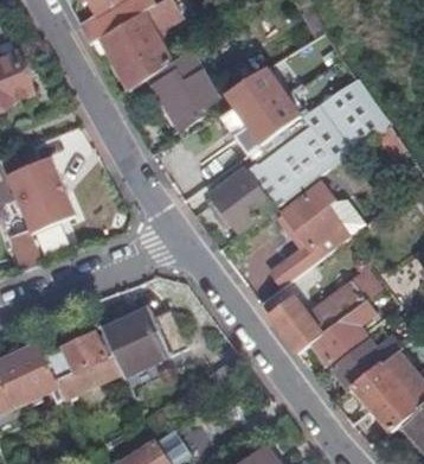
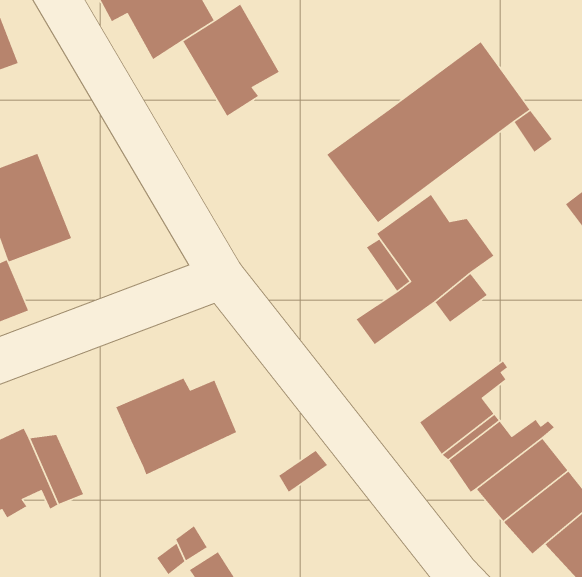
building: [238,75,294,132] -> none
building: [208,169,269,229] -> none
building: [266,268,383,351] -> none
building: [60,332,120,389] -> none

